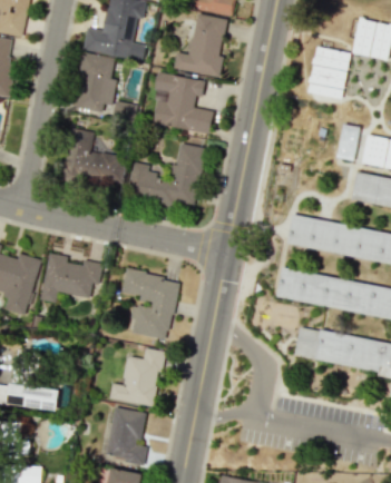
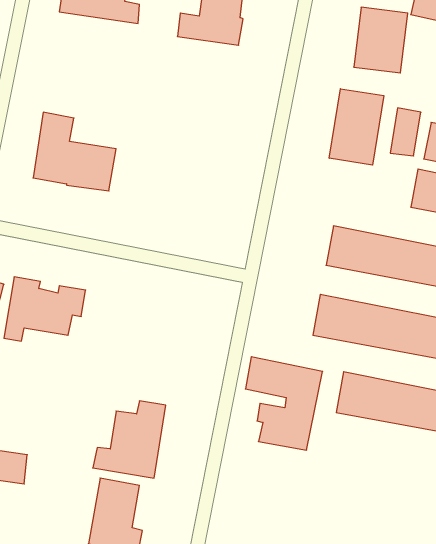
building: [72,53,116,114] -> none
building: [153,71,213,132] -> none
building: none -> [329,89,384,165]
building: [127,142,205,207] -> none
building: [120,268,179,339] -> [245,357,323,450]

